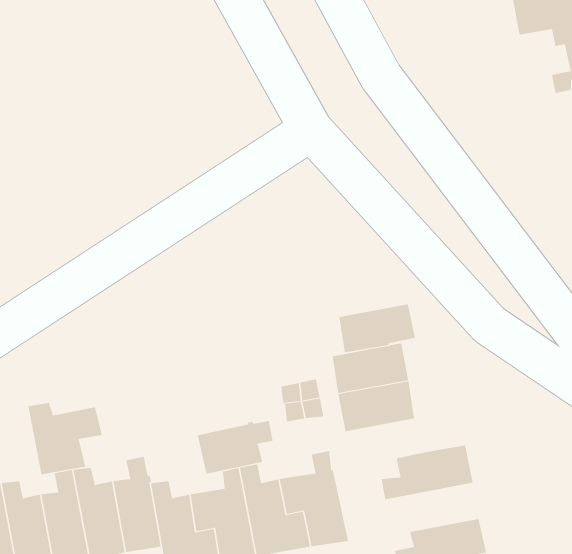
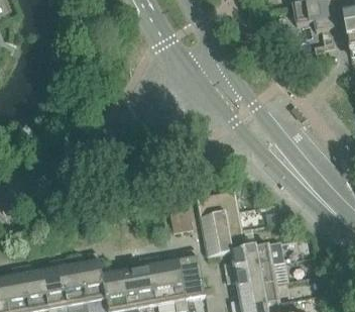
building: [338,304,416,353] -> [204,229,245,255]
building: [28,402,103,475] -> none
building: [197,420,273,474] -> none
building: none -> [225,264,275,290]

